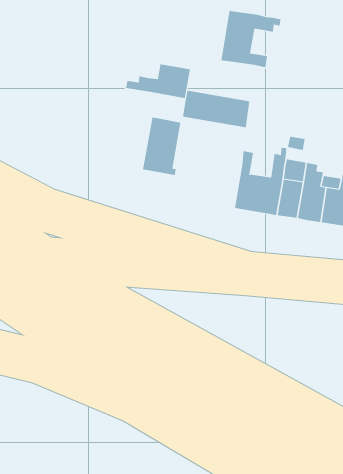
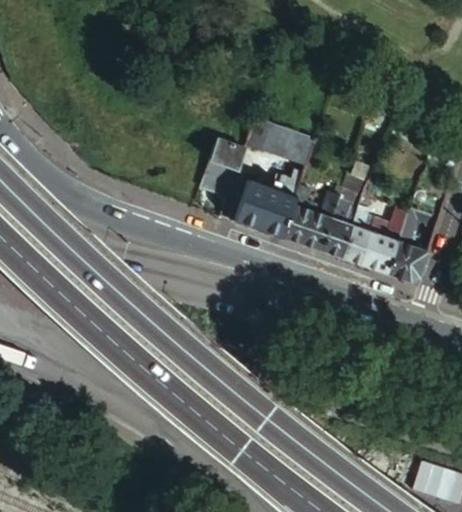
building: [221,10,281,68] -> none
building: [125,63,190,99] -> none
building: none -> [234,180,296,238]

